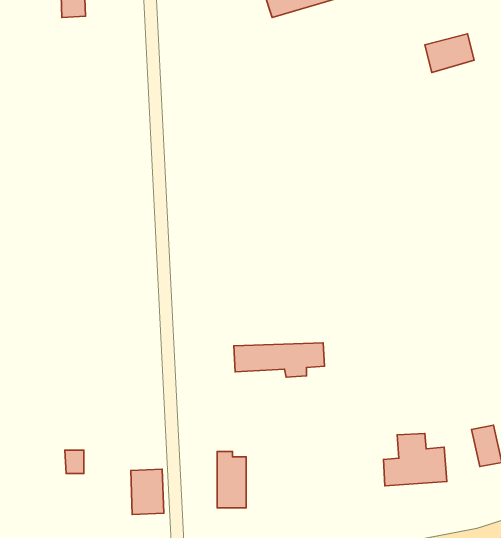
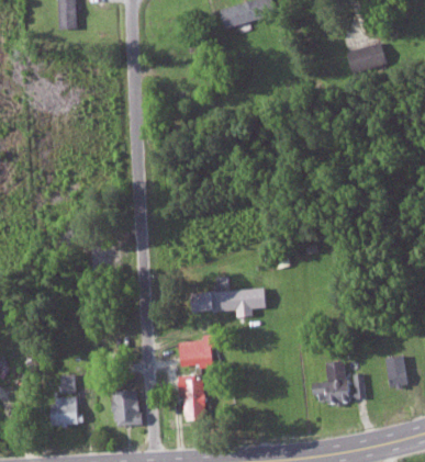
building: none -> [178,335,213,367]
building: none -> [49,397,78,426]

